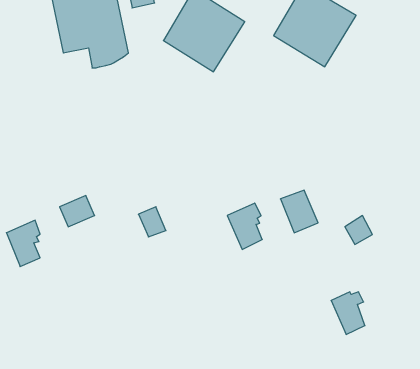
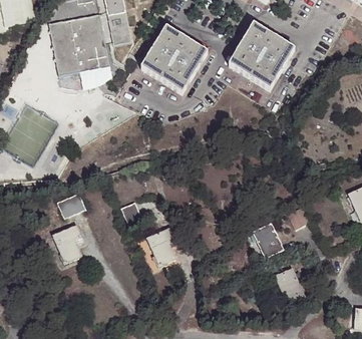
building: [280,190,318,233] -> [253,224,283,258]
building: [227,203,262,249] -> [145,229,173,266]
building: [6,220,40,267] -> [51,226,78,263]

